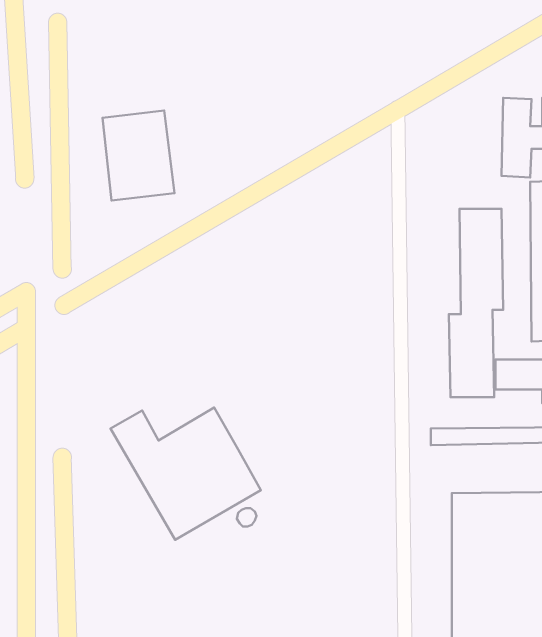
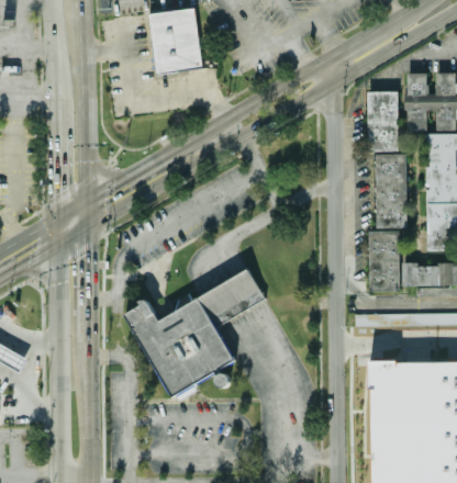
building: [102,110,175,201] -> [147,8,200,74]
building: none -> [368,91,399,151]
building: none -> [197,271,264,329]

